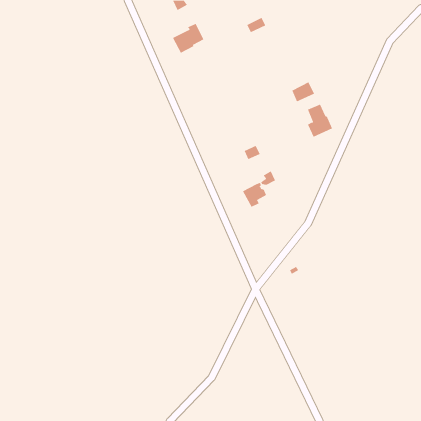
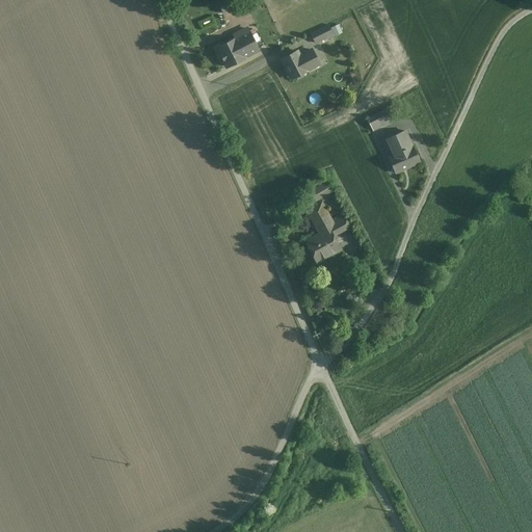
building: none -> [282,46,320,77]
building: none -> [308,203,335,232]

